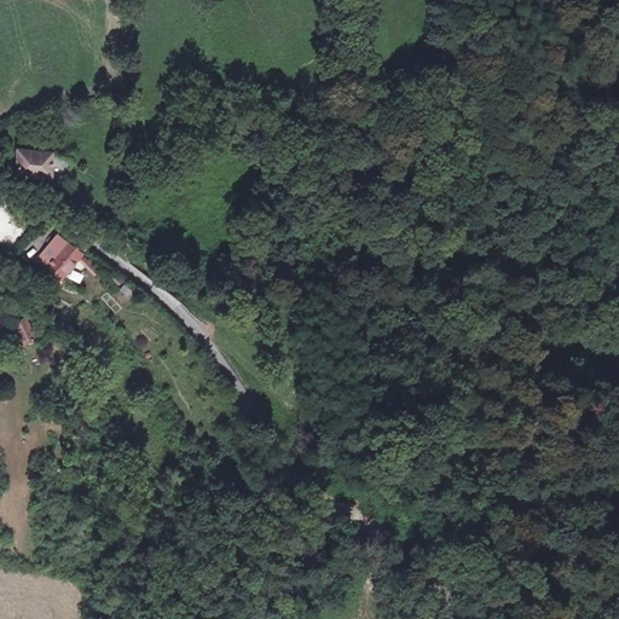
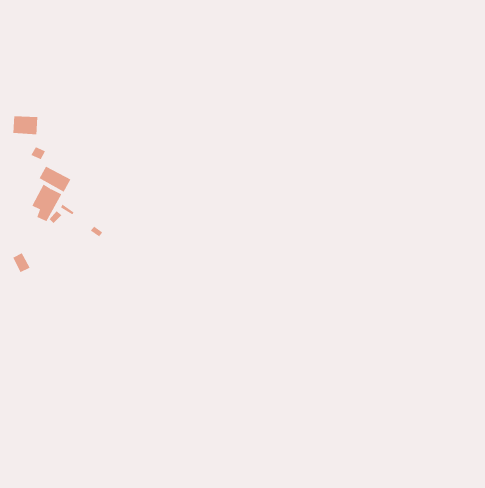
building: none -> [39,166,71,193]

